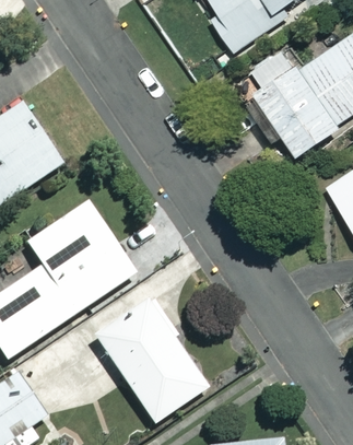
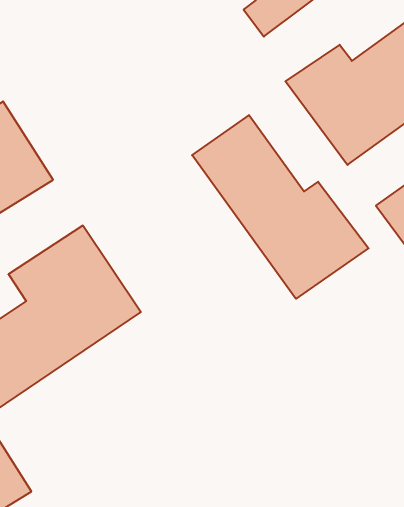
building: none -> [192,115,369,299]
building: [95,300,208,423] -> none

